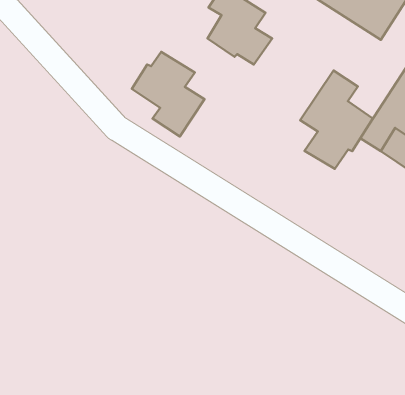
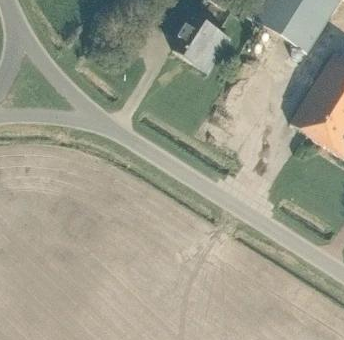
building: [132,52,204,136] -> none
building: [300,70,373,169] -> none

